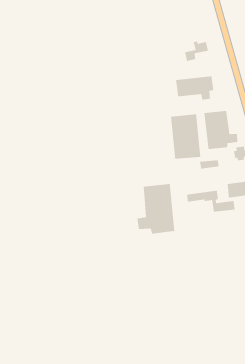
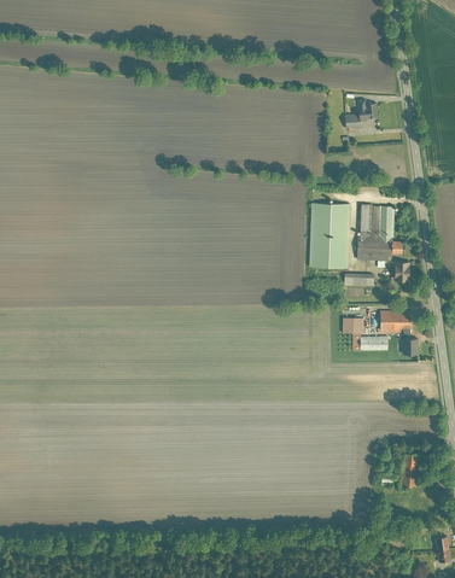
building: [175,75,214,101] -> none
building: [136,183,175,234] -> none

